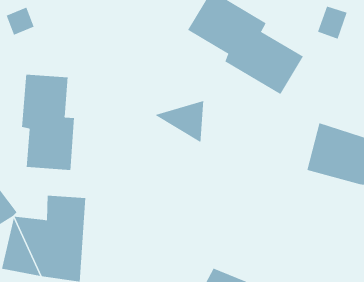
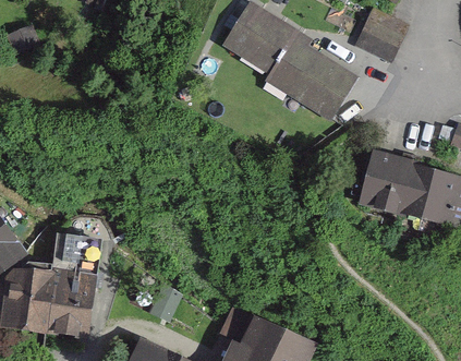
building: [22,74,75,171] -> none
building: [154,100,204,143] -> none

